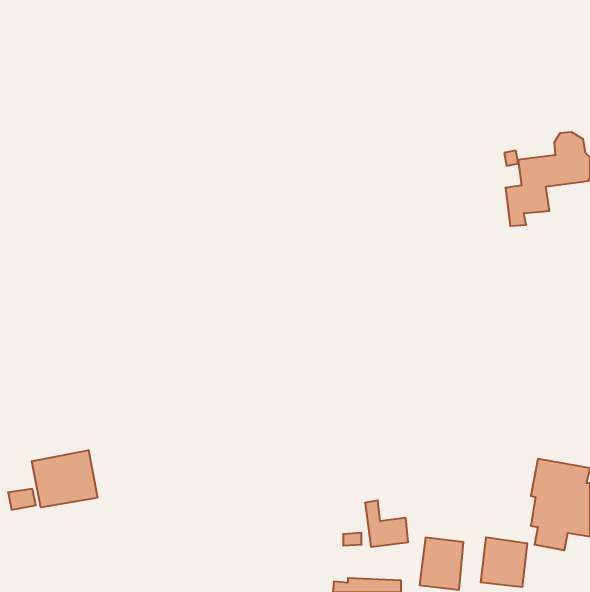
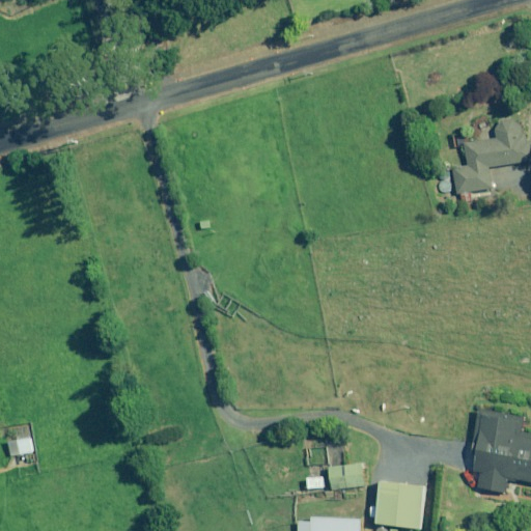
building: [32,450,97,507] -> none
building: [481,537,527,587] -> none

